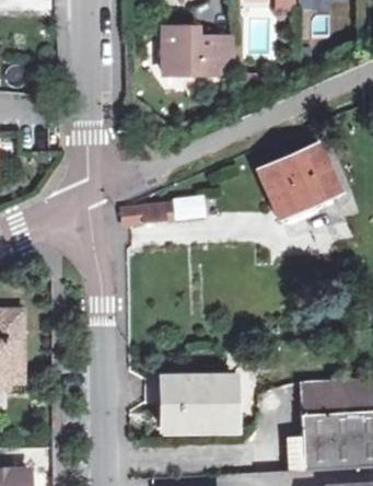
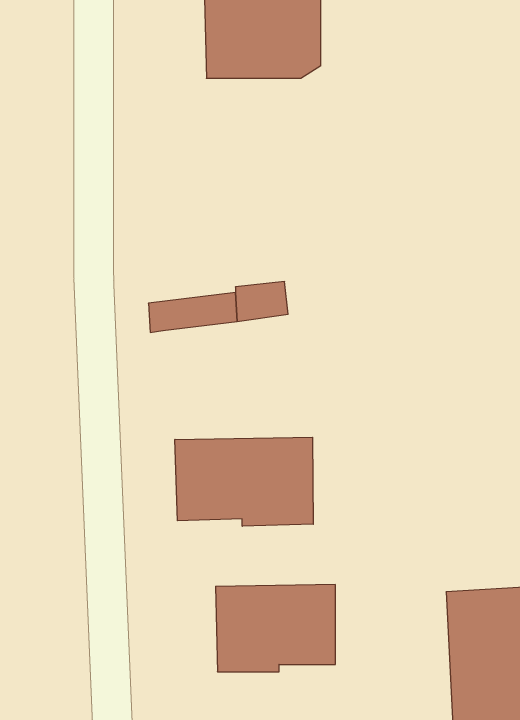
building: [260,144,338,216] -> none
building: none -> [175,437,313,526]

